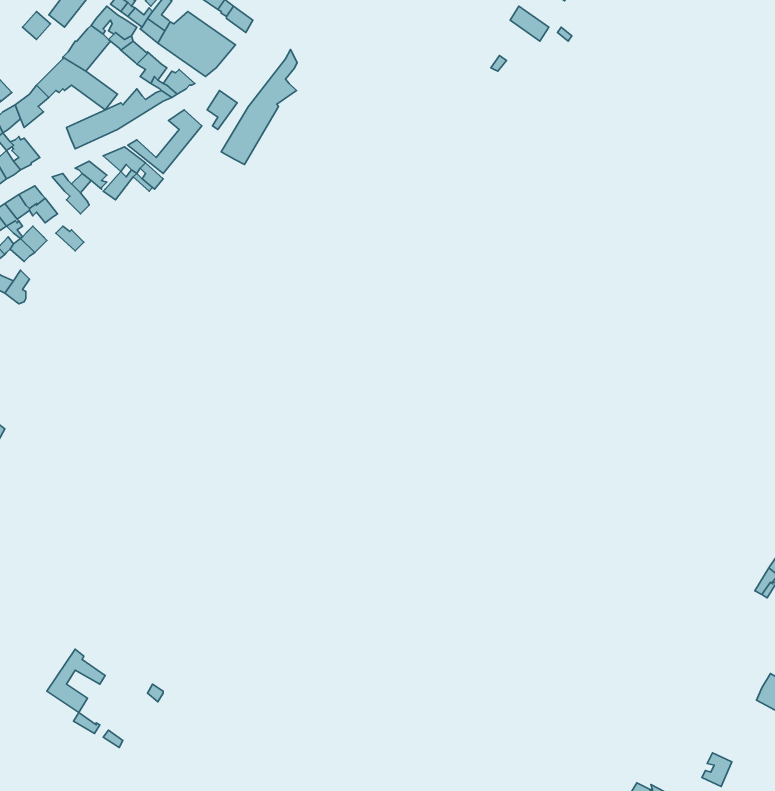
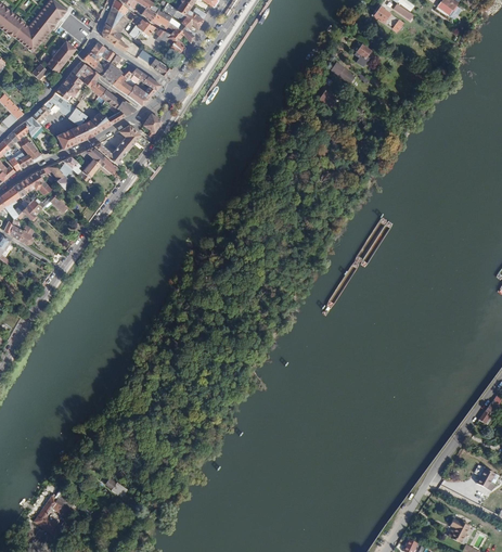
building: [221,49,297,165] -> none
building: [47,649,105,712] -> [35,496,70,535]

